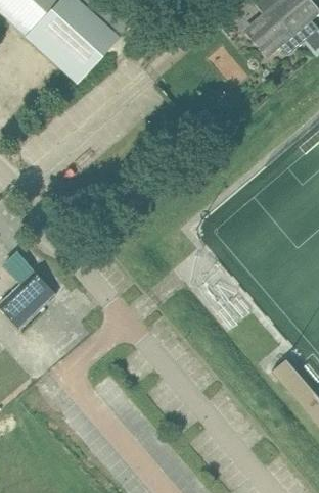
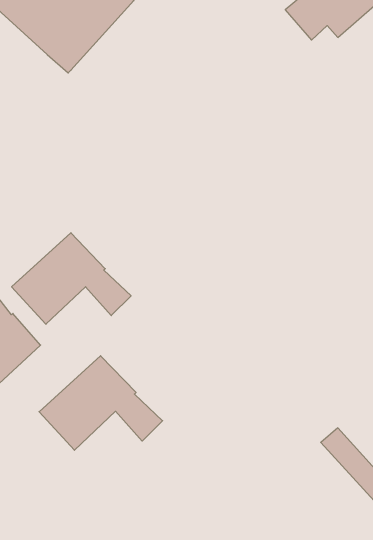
building: none -> [12,233,131,324]
building: none -> [39,356,163,450]

